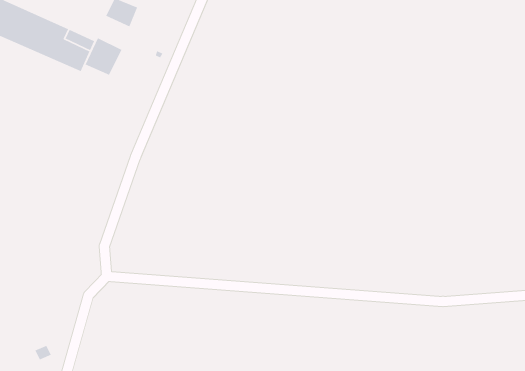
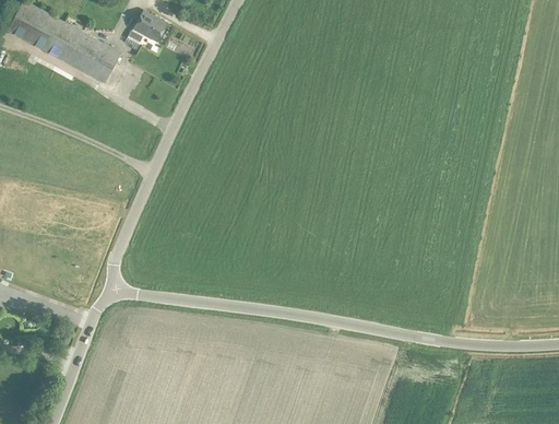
building: [84,37,122,76] -> none

